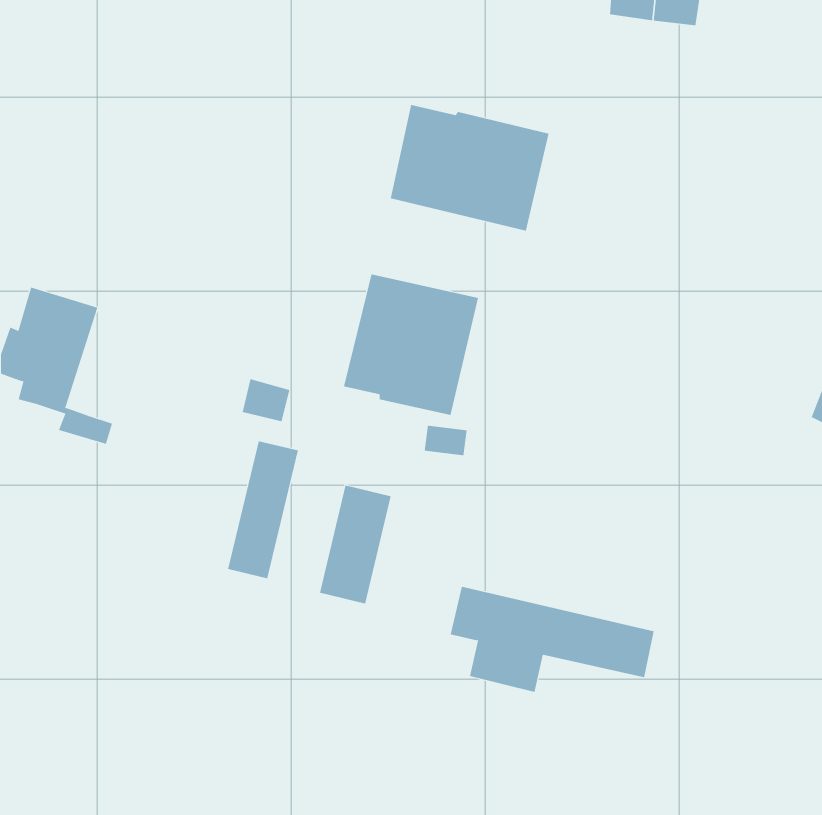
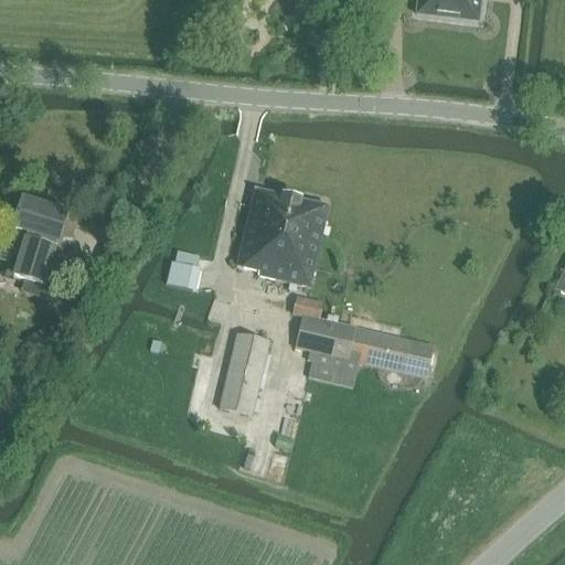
building: [390,104,549,231] -> none
building: [227,440,298,579] -> none
building: [450,586,655,692] -> [295,313,435,386]

